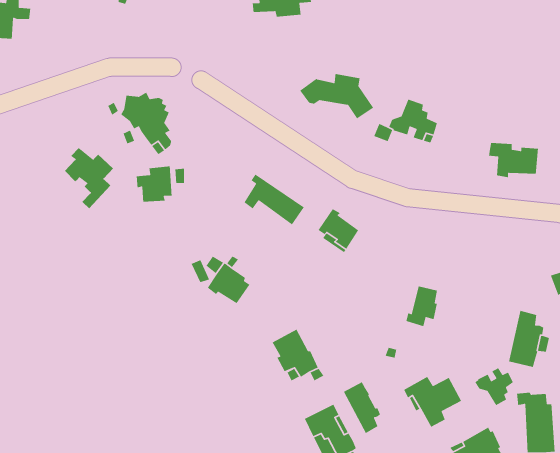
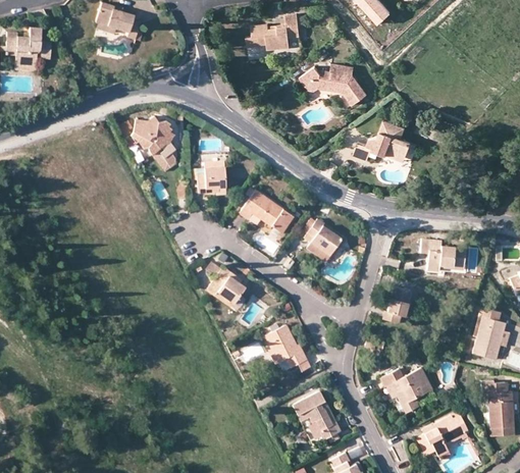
building: [299,73,374,119] -> [301,64,367,105]
building: [488,142,539,178] -> [420,241,465,272]
building: [64,147,114,209] -> none
building: [136,165,173,202] -> [193,161,225,194]
building: [475,367,514,406] -> none
building: [343,381,381,434] -> none

